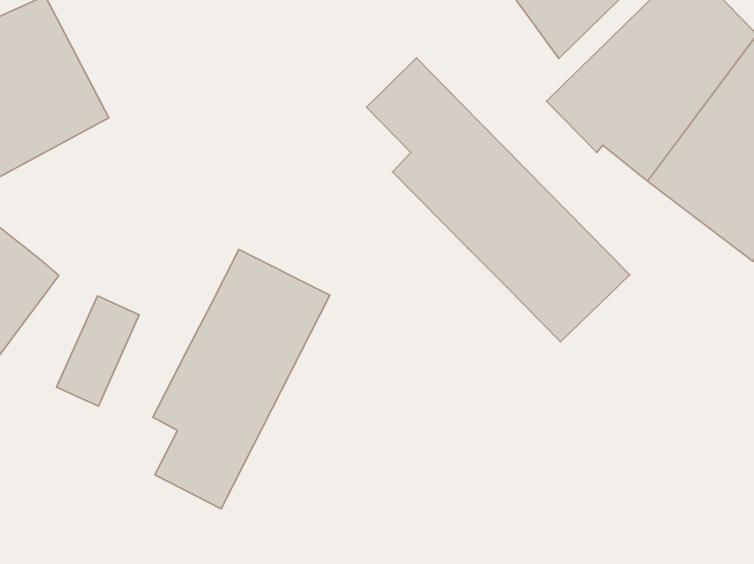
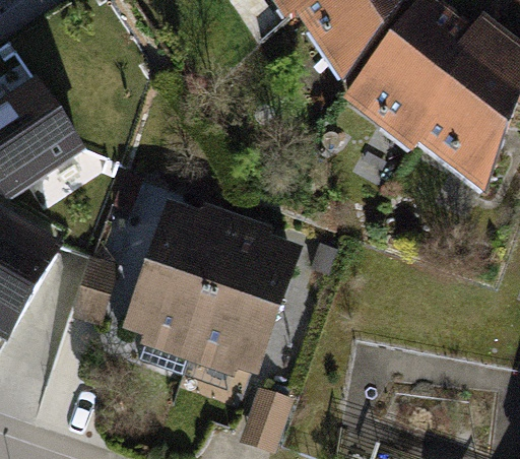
building: [366,58,630,342] -> none
building: none -> [190,237,286,369]

